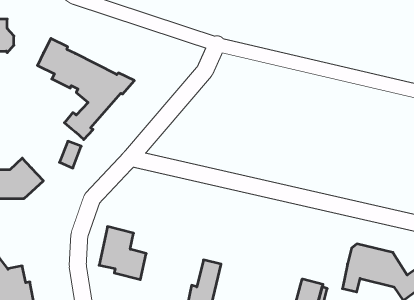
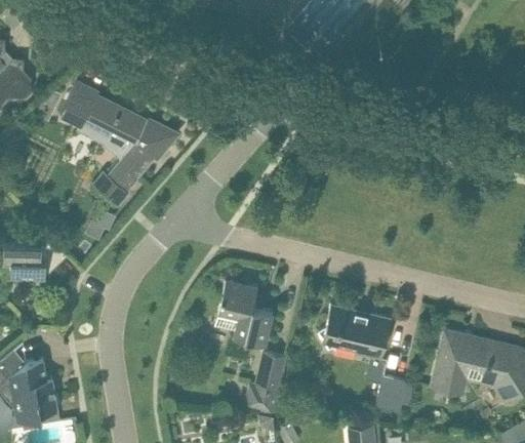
building: none -> [319,306,391,360]
building: [99,227,146,280] -> [215,280,273,345]

